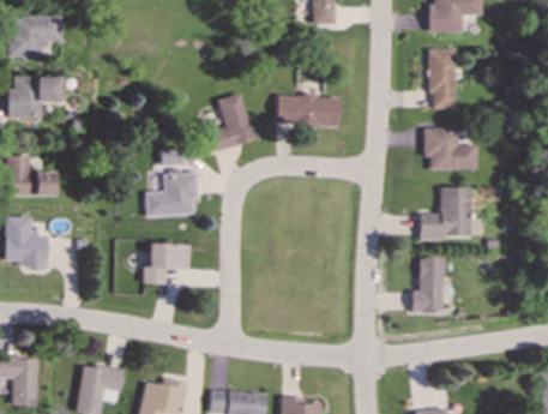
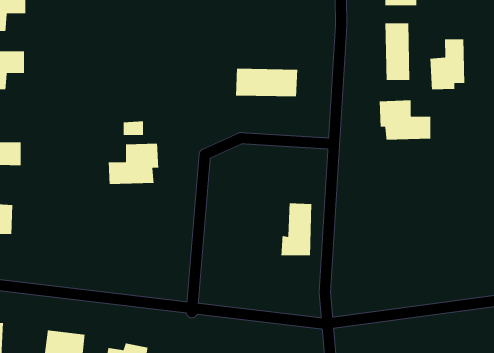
building: none -> [429,38,465,90]
building: [211,92,254,149] -> none
building: [420,186,472,239] -> none
building: [143,242,189,283] -> none
building: [411,256,444,311] -> [281,202,312,256]

